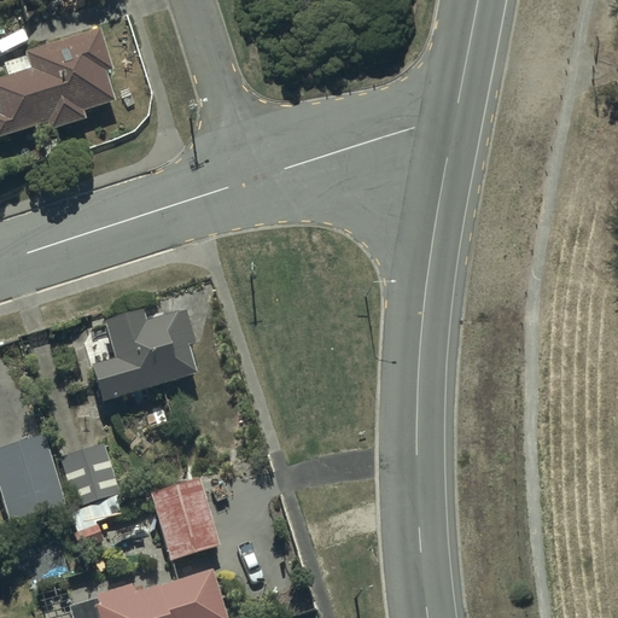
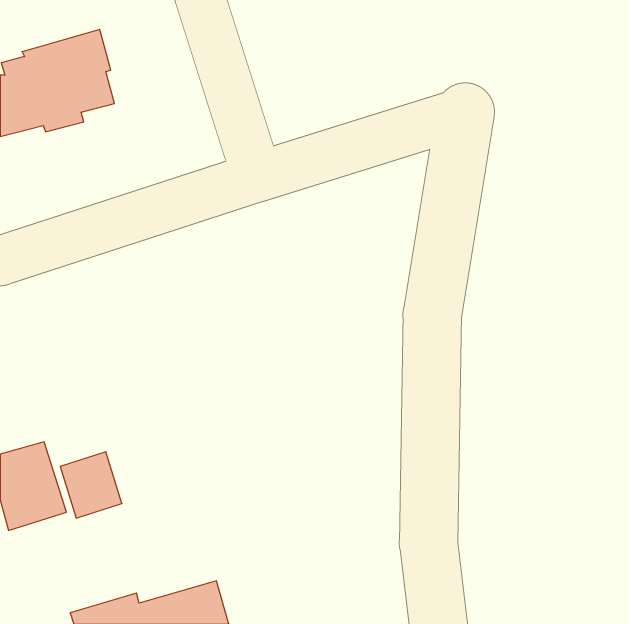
building: [91,308,198,402] -> none
building: [148,479,220,560] -> none

